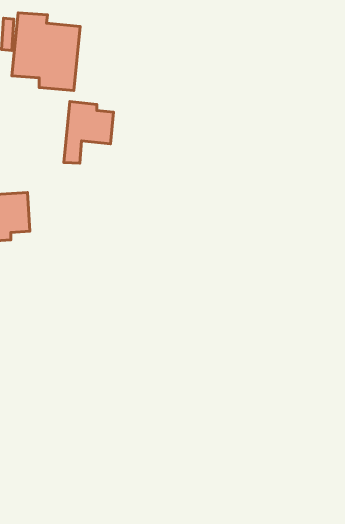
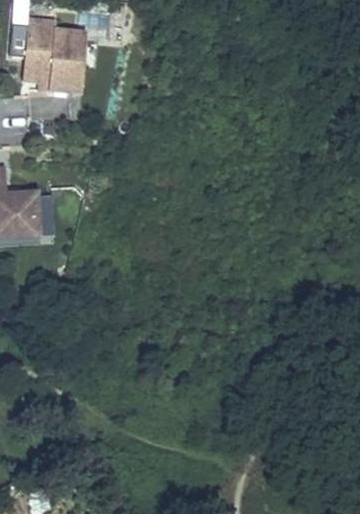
building: [64,102,113,163] -> none

